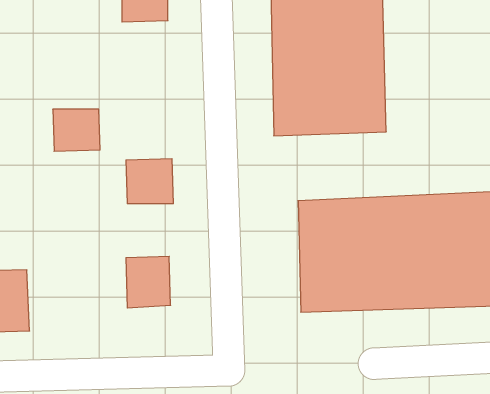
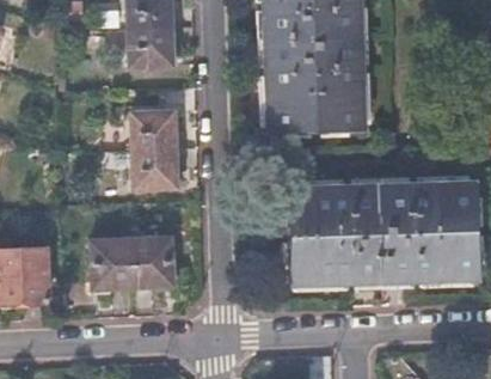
building: none -> [131,29,173,68]
building: [53,109,100,151] -> [134,115,176,152]
building: none -> [93,238,136,283]

